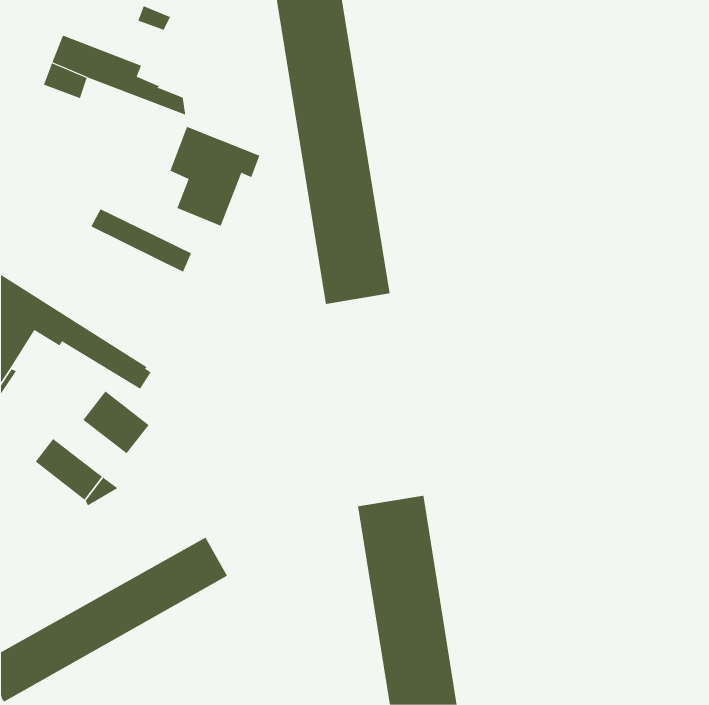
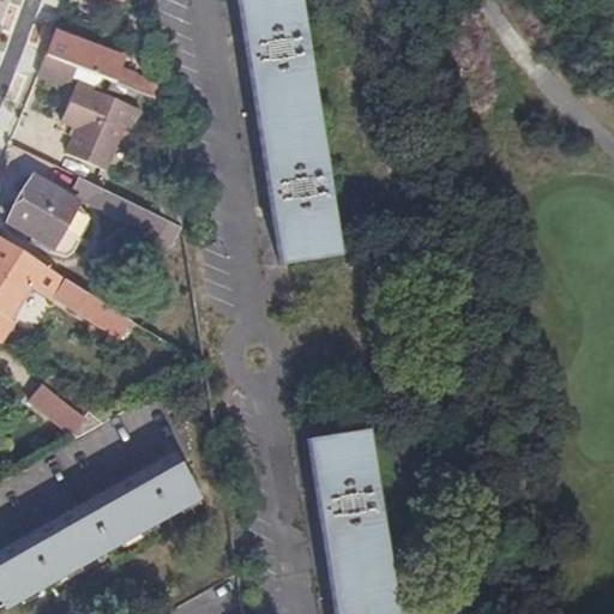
building: [170,126,260,226] -> [64,83,142,169]
building: none -> [8,177,77,245]
building: [82,391,150,454] -> none

